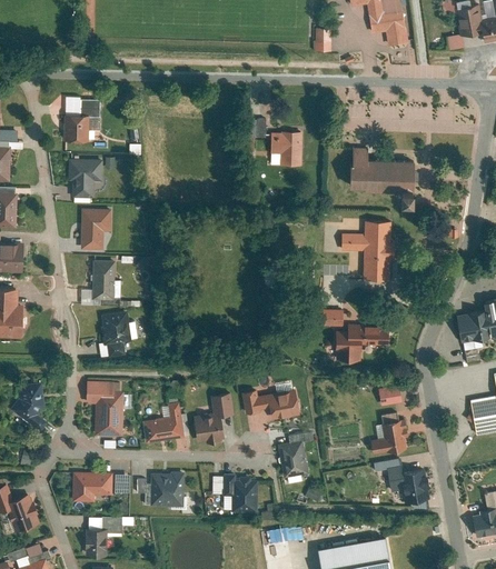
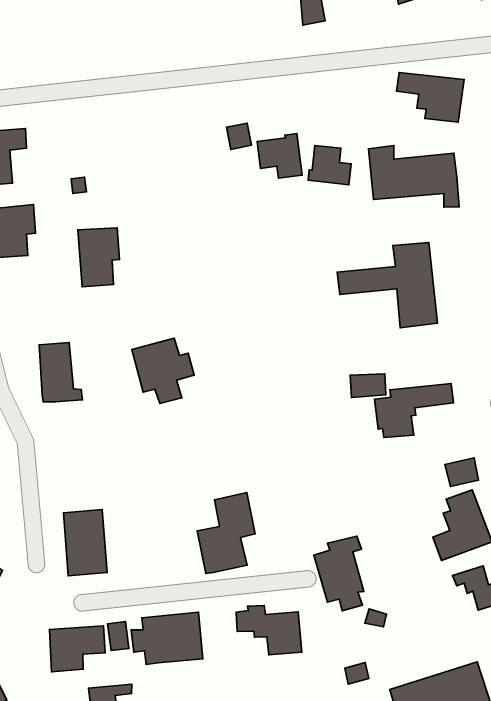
building: none -> [397,72,464,122]
building: none -> [308,145,351,185]
building: [80,204,111,248] -> [78,228,120,287]
building: [92,313,136,360] -> [132,338,194,404]
building: [244,391,302,422] -> none
building: [139,401,185,443] -> none

